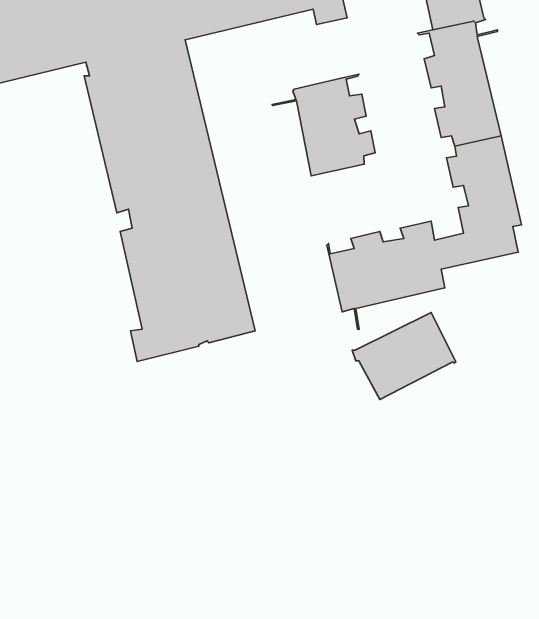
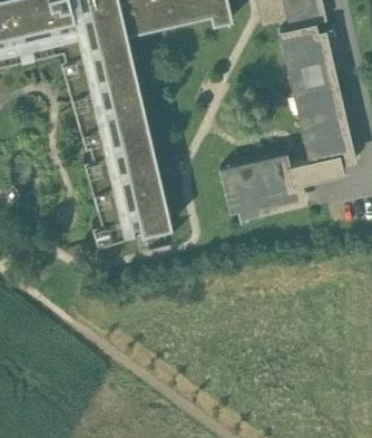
building: [272,74,375,176] -> none
building: [352,313,456,400] -> none

